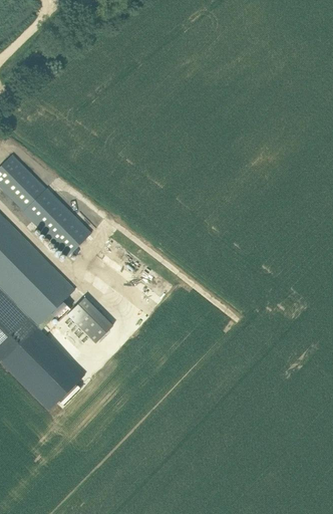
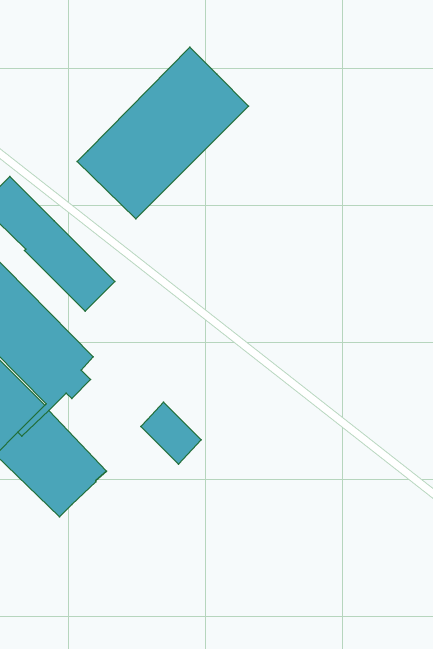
building: none -> [77,47,249,219]
building: [68,296,113,342] -> [141,402,201,464]

